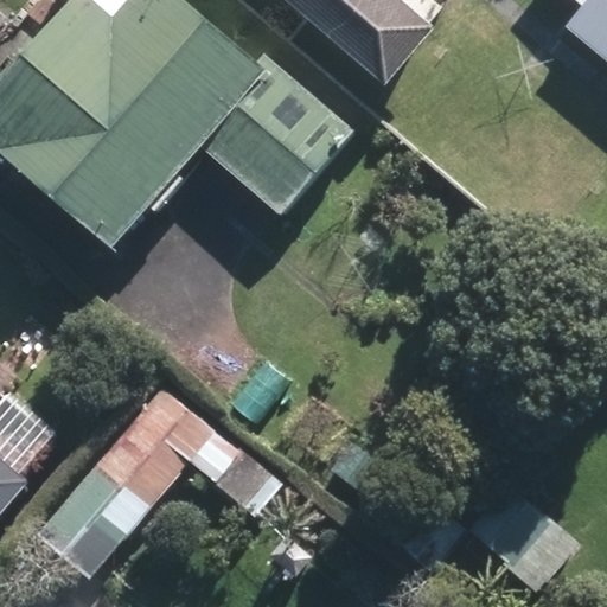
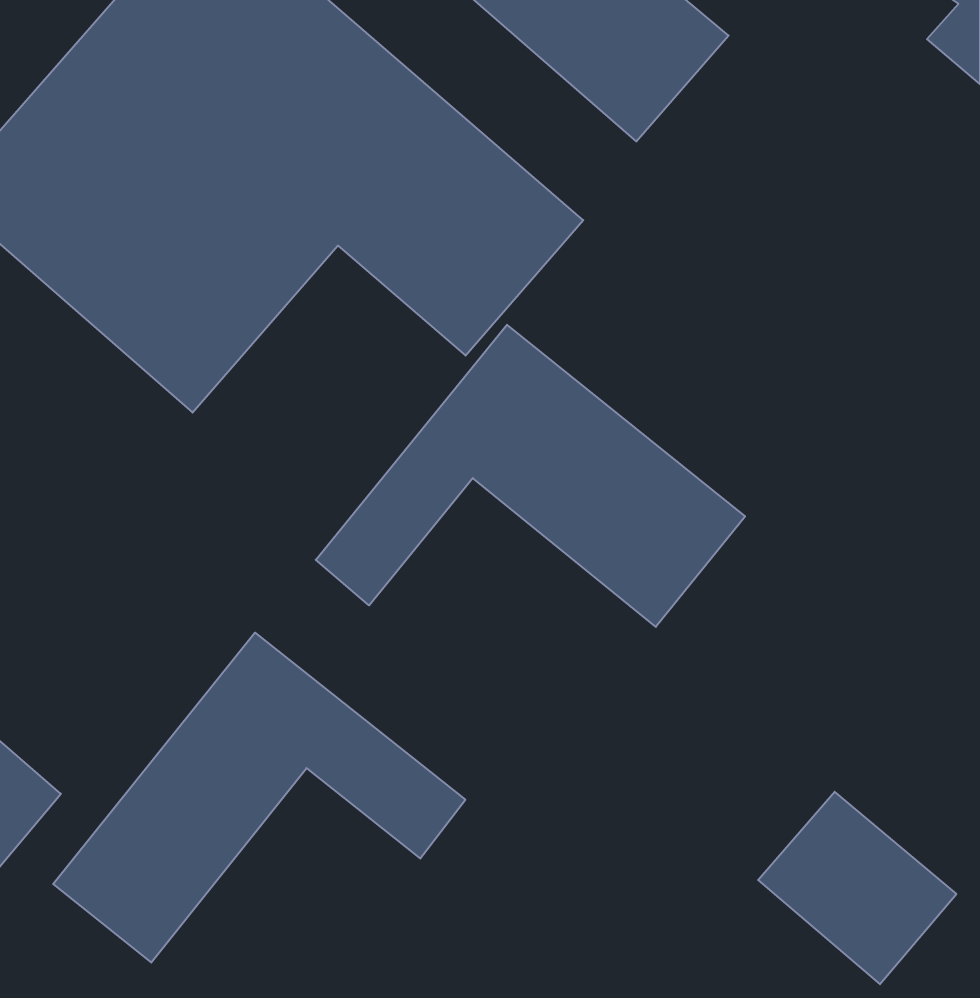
building: none -> [316,325,745,627]

